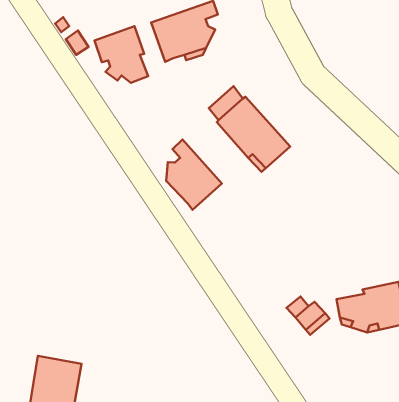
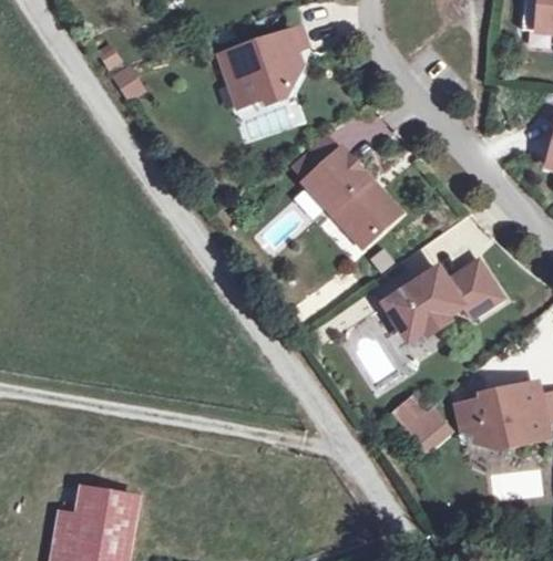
building: [94,26,148,83] -> none
building: [166,140,222,210] -> none
building: none -> [383,262,500,341]

